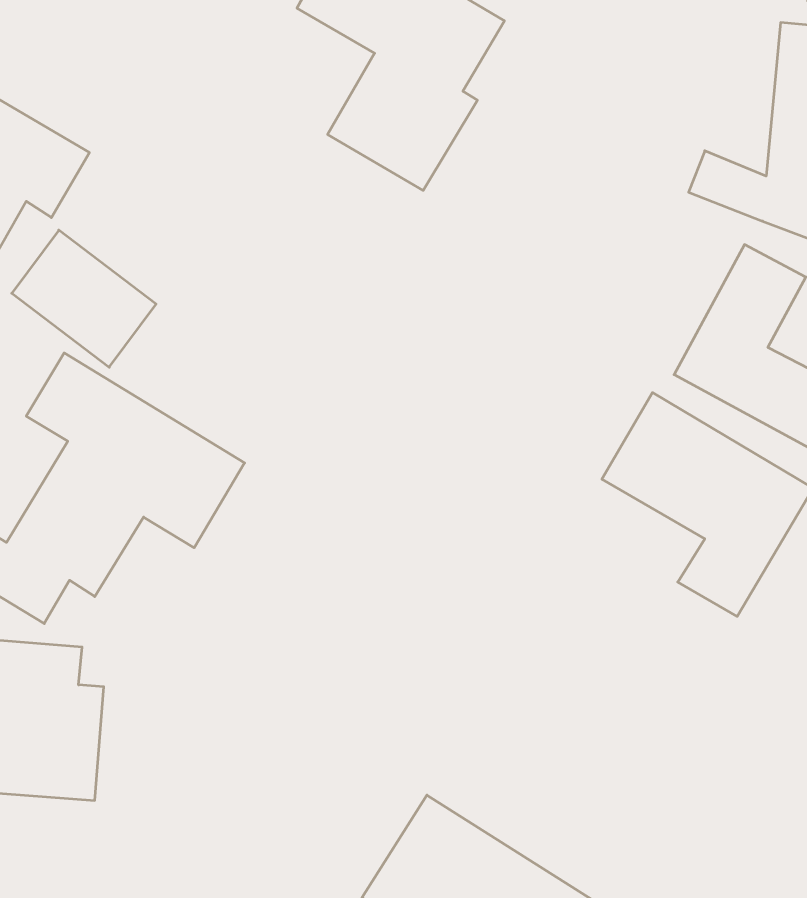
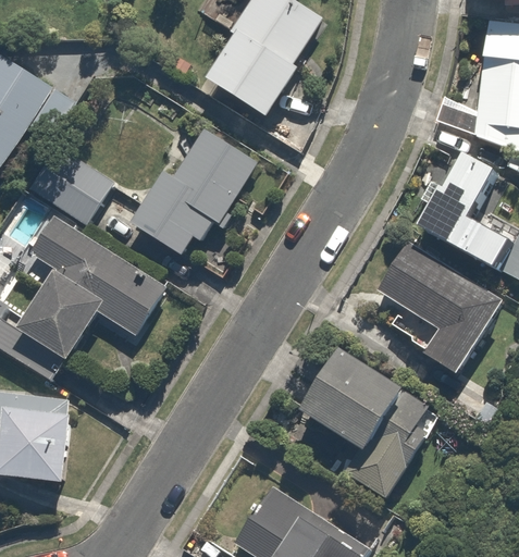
building: none -> [127,127,258,255]
building: none -> [304,349,441,497]

